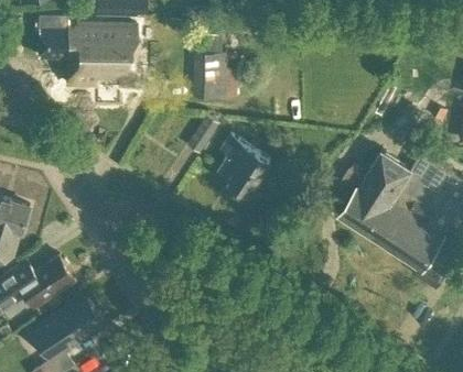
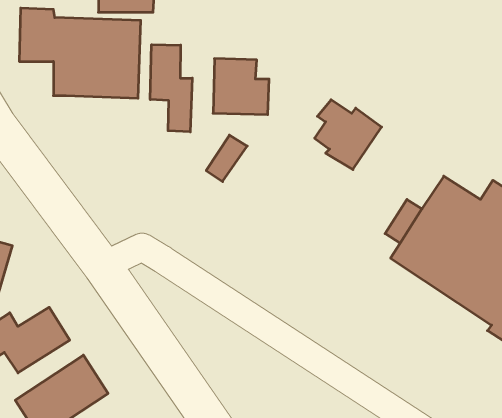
building: none -> [150,45,192,132]
building: [216,141,270,197] -> [315,100,382,170]

